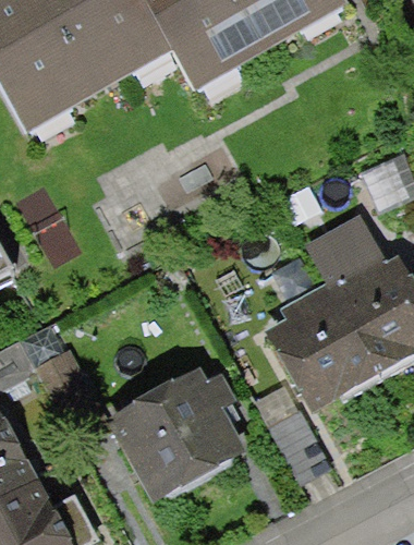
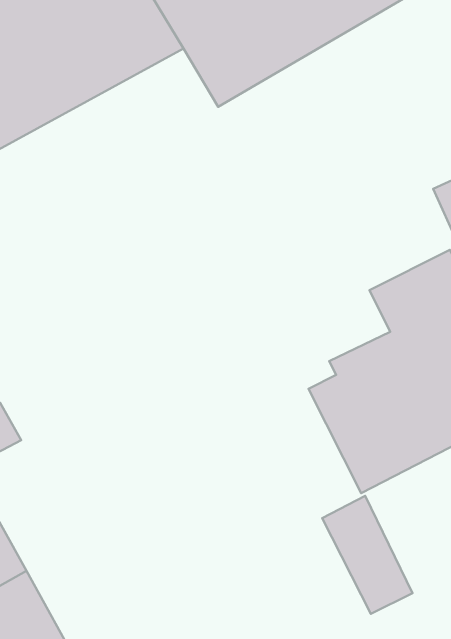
building: [40,344,244,500] -> none

